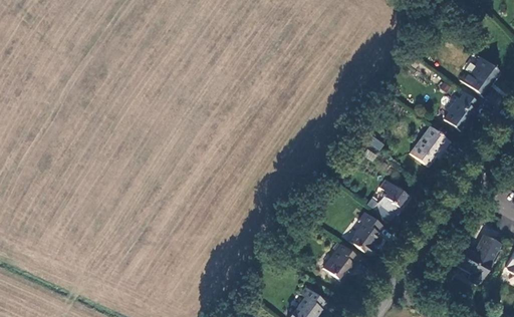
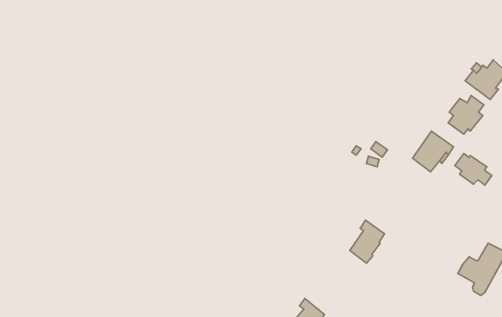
building: none -> [455,154,492,185]
building: [366,180,407,222] -> none
building: [321,245,357,283] -> none

